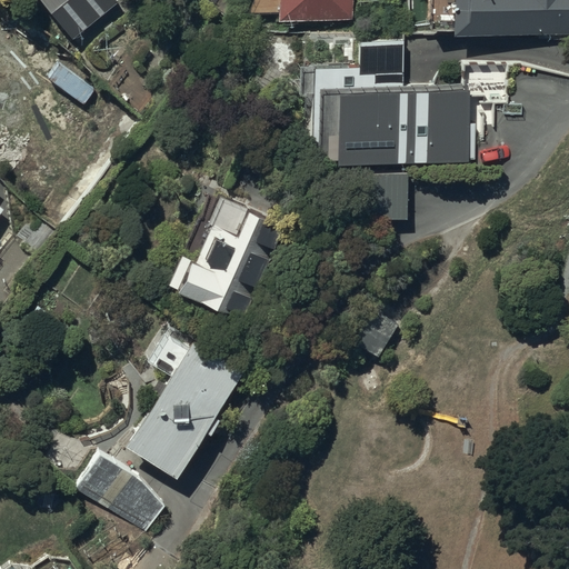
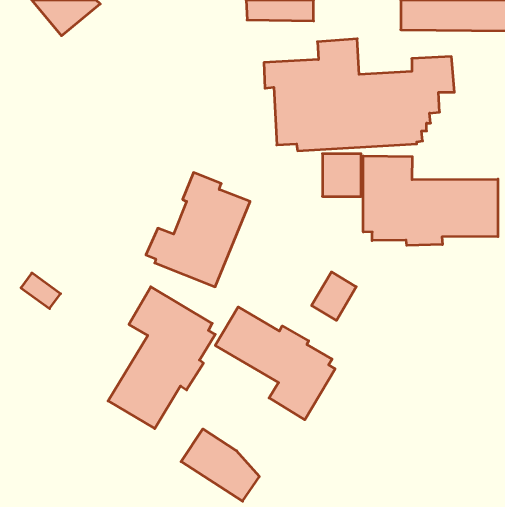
building: none -> [363,156,498,245]
building: none -> [215,307,335,420]
building: [78,450,166,531] -> [181,429,259,501]

